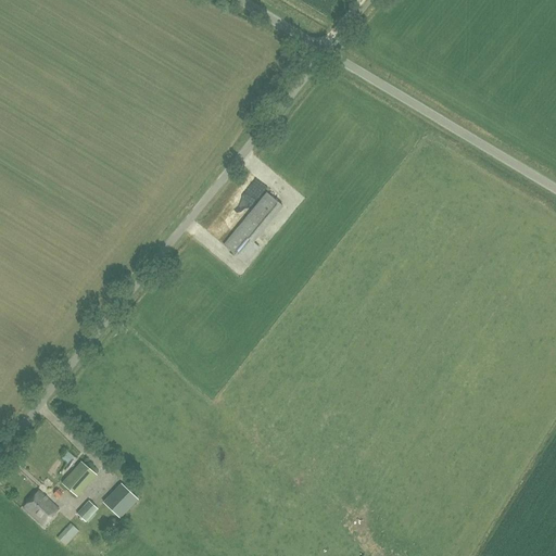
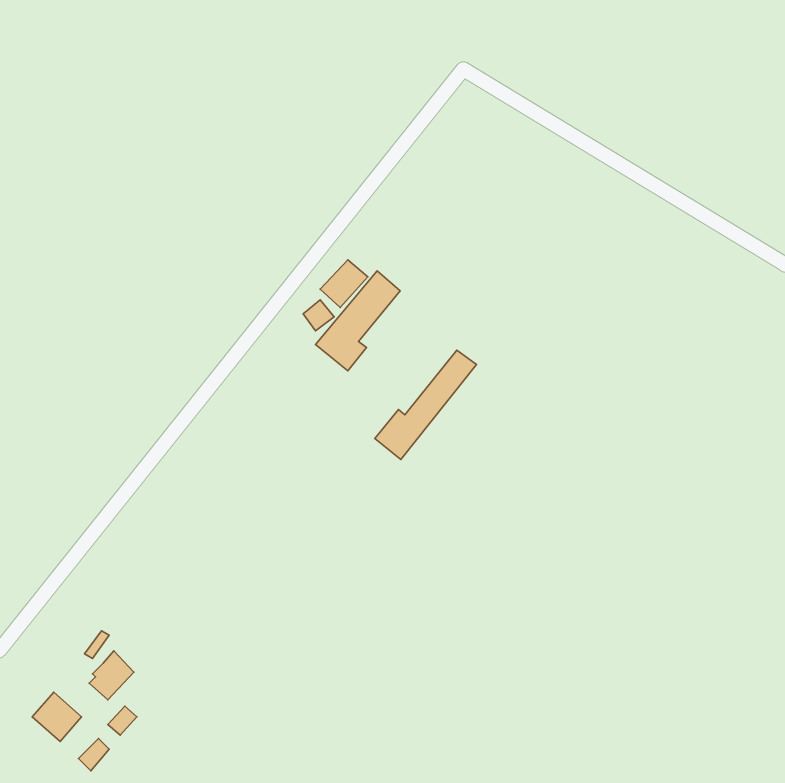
building: none -> [375,350,477,460]
building: [102,481,137,516] -> none

